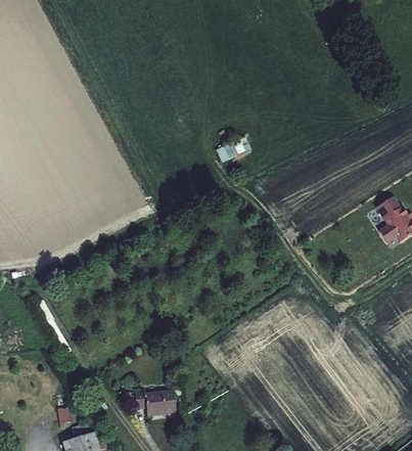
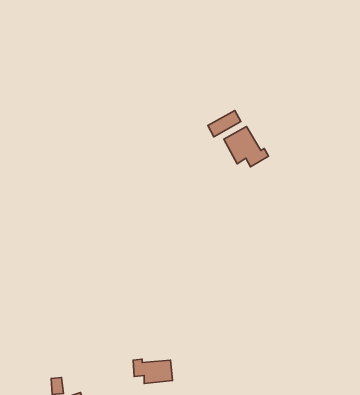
building: none -> [224,127,268,167]

